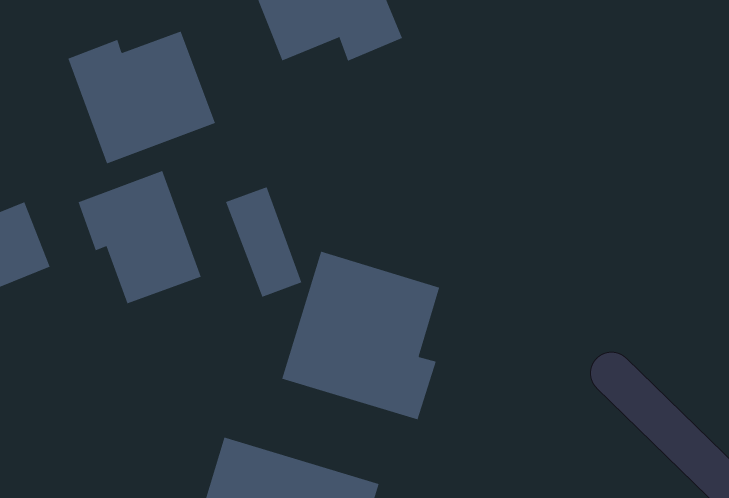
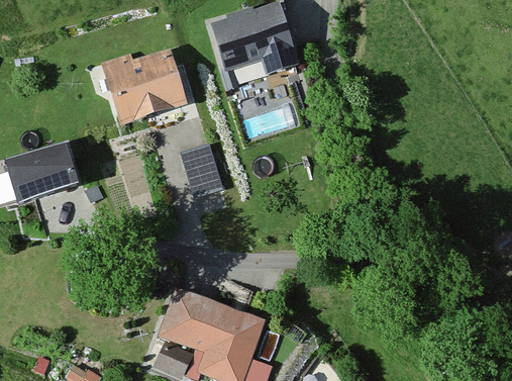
building: [78,170,201,304] -> none
building: [281,251,440,420] -> none

